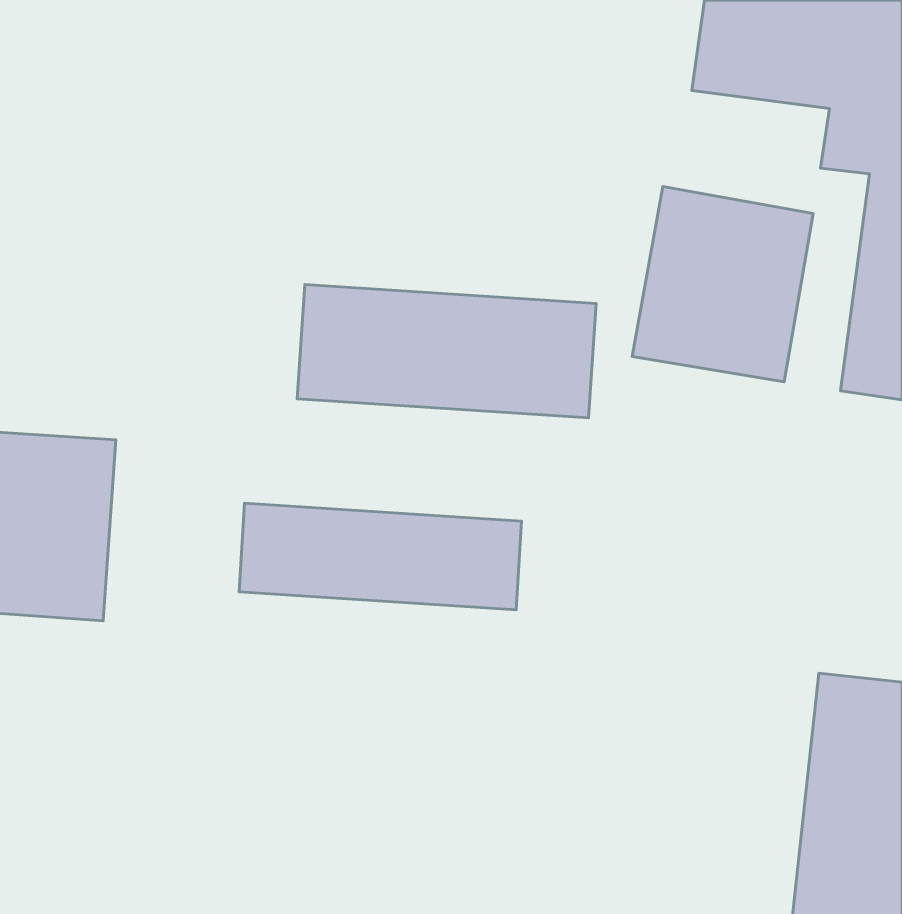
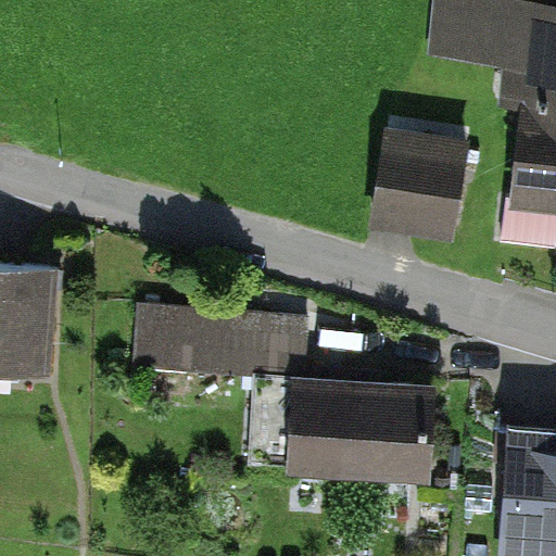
building: [297,285,596,418] -> none
building: none -> [298,378,456,477]

